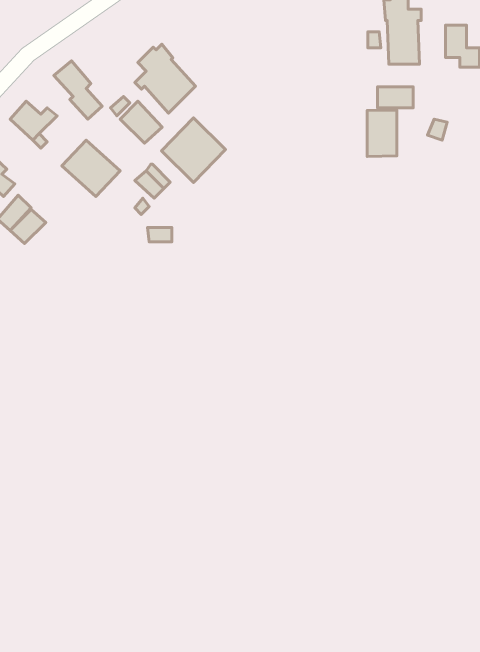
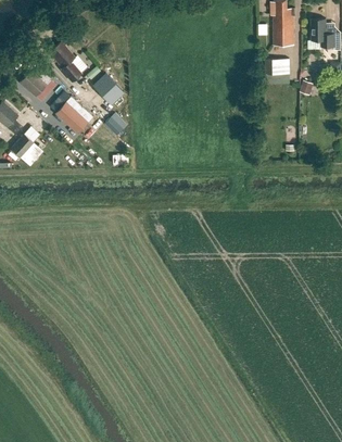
building: [135,44,195,113] -> none
building: [367,110,397,156] -> none
building: [162,118,225,182] -> none

